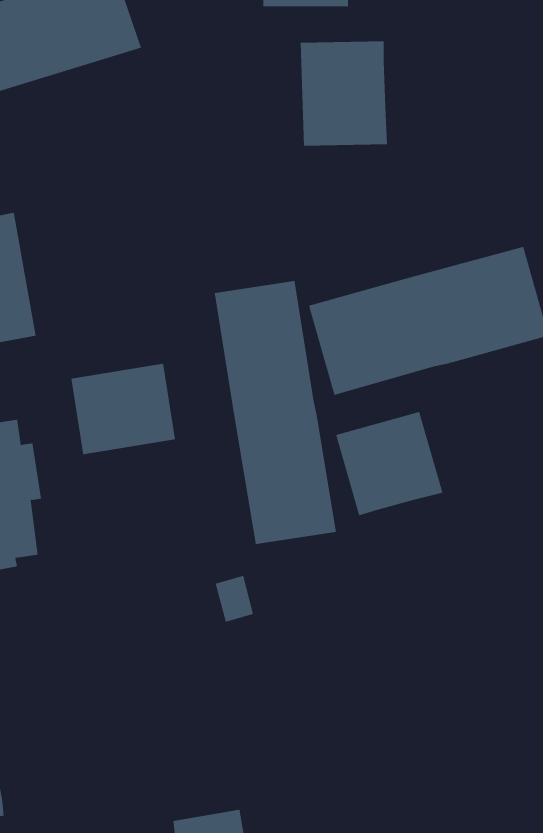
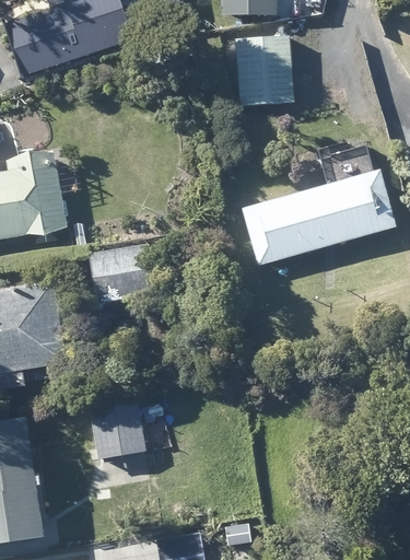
building: [214,280,336,545] -> none
building: [335,411,443,516] -> none
building: none -> [86,396,147,458]

